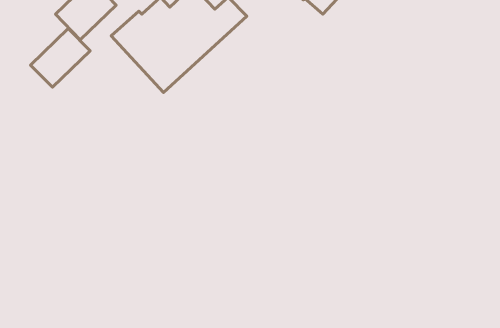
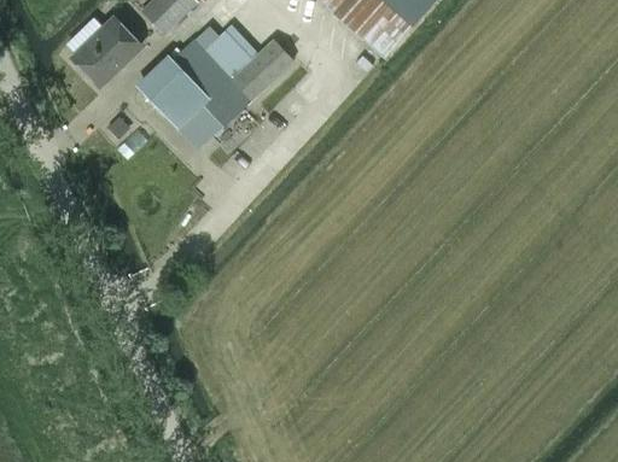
building: [31,29,90,87] -> none

